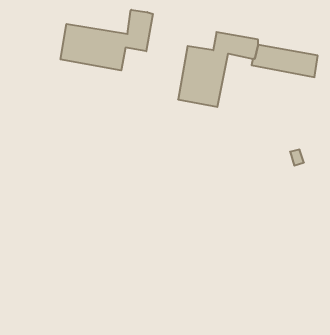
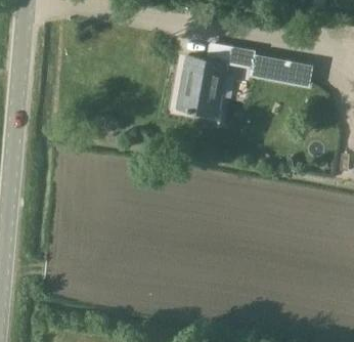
building: [61,10,153,70] -> none

